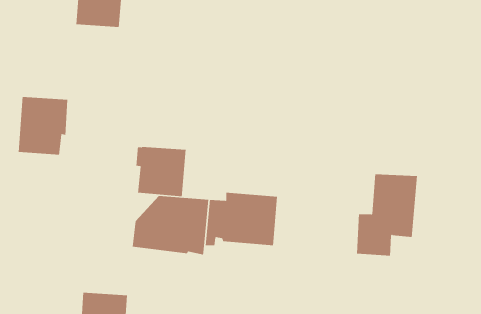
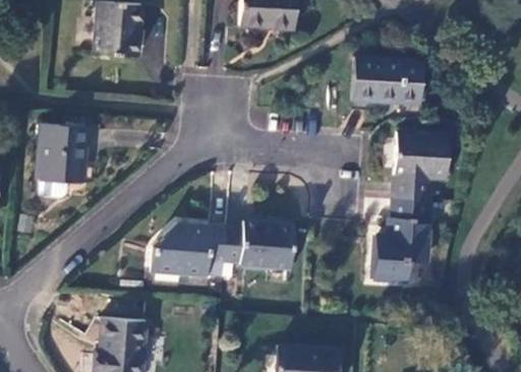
building: none -> [353,58,422,102]
building: none -> [391,134,448,202]
building: [136,146,186,197] -> none

